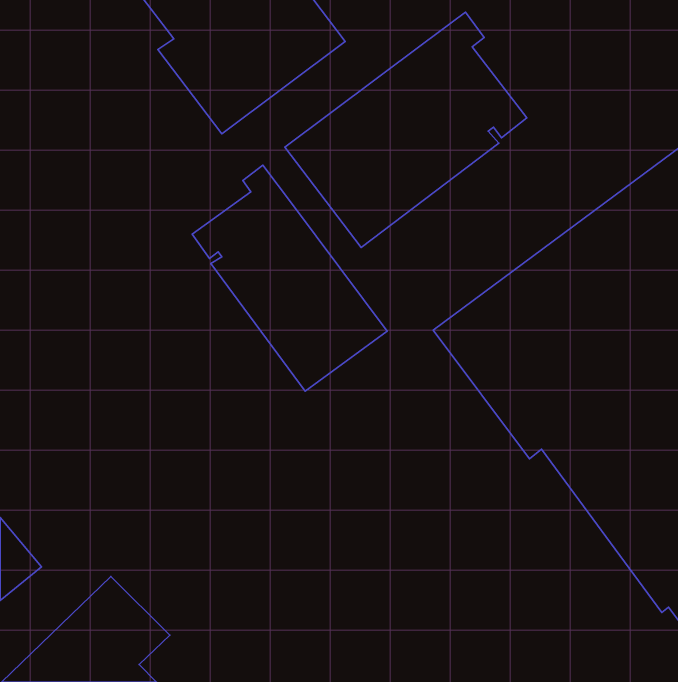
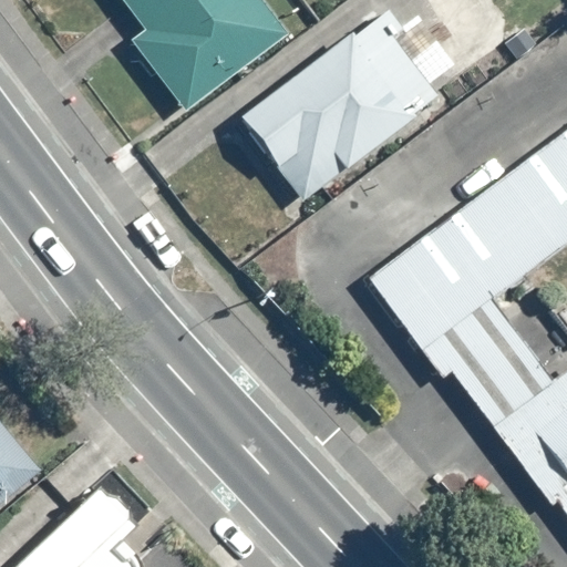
building: [192,165,387,391] -> none

